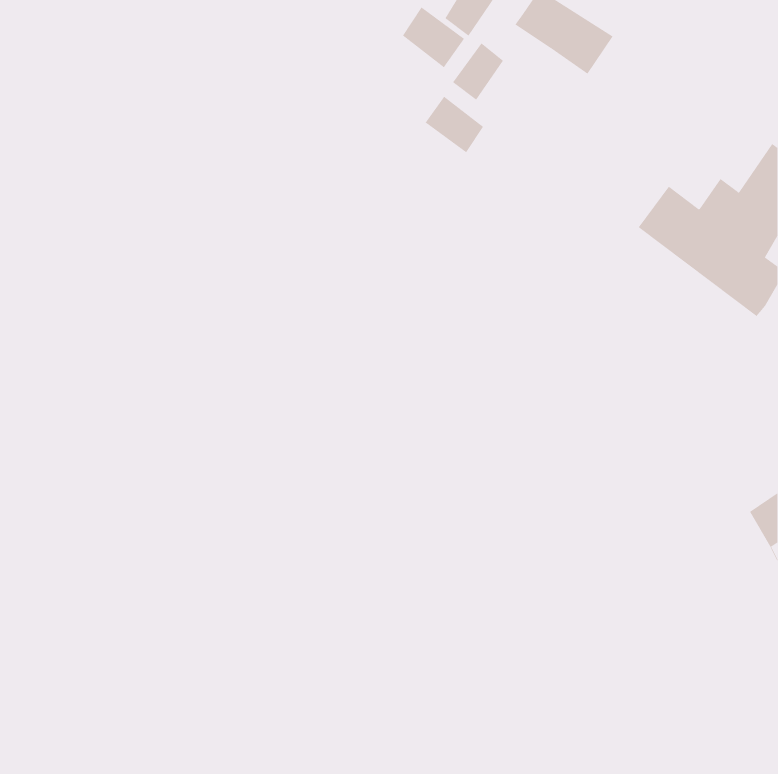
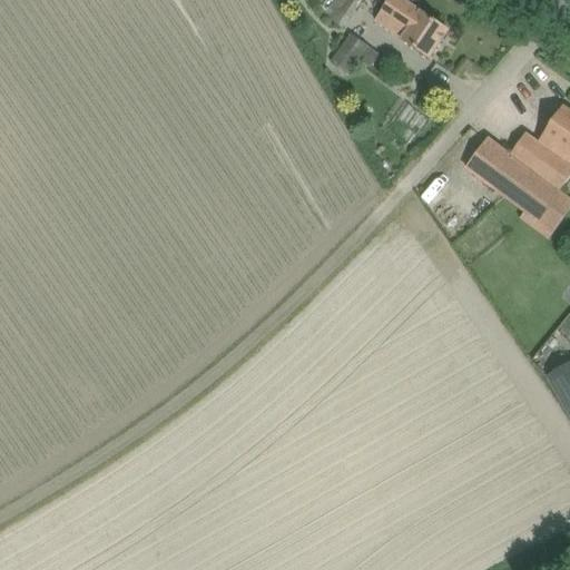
building: [402,7,465,68] -> none
building: [425,96,484,153] -> none

